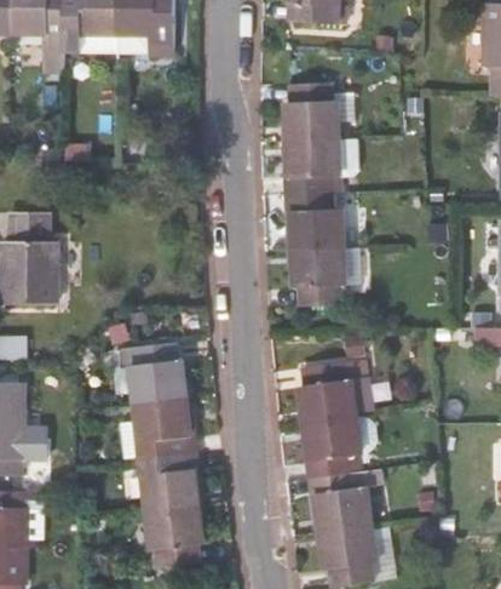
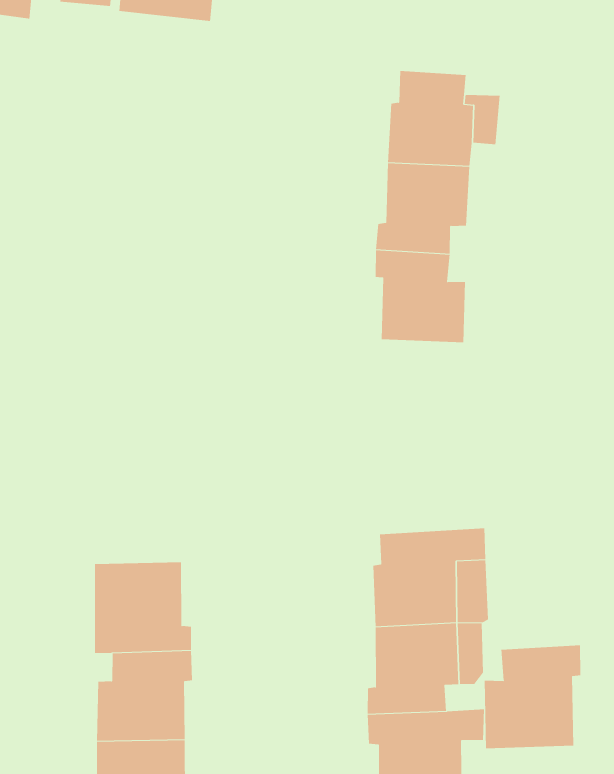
building: [295,241,370,302] -> none
building: [120,338,186,398] -> none
building: none -> [484,645,581,749]

